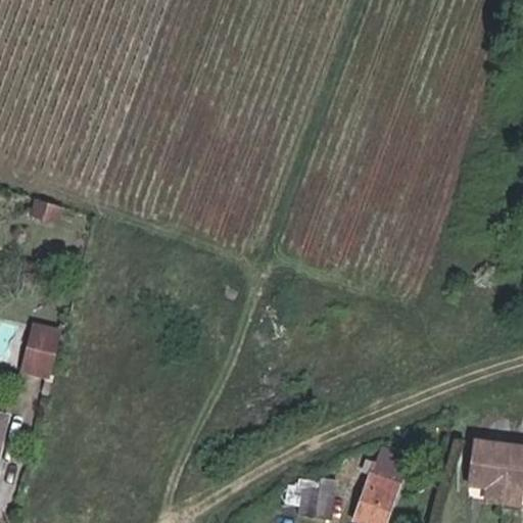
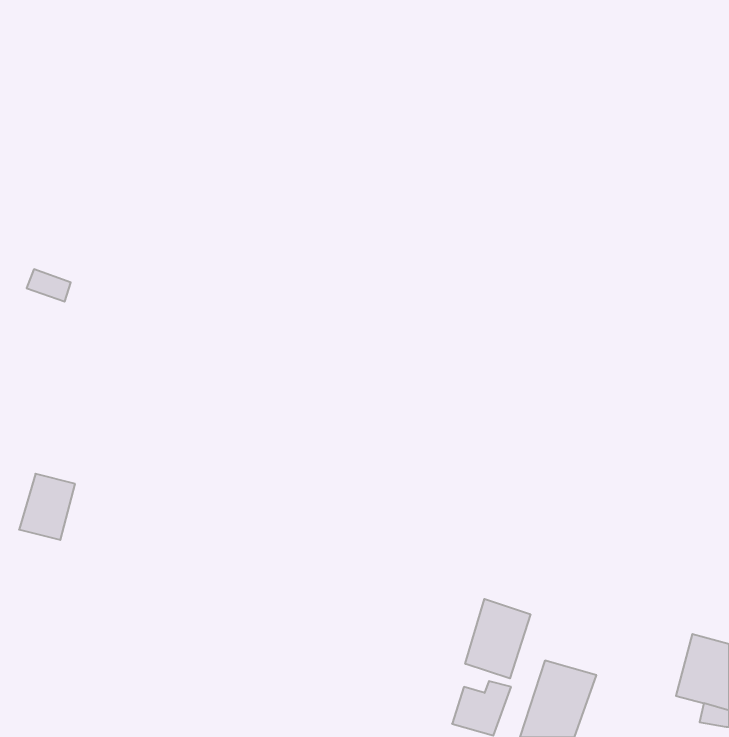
building: none -> [465,599,530,678]

